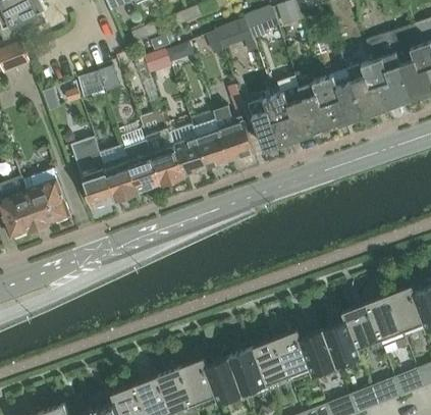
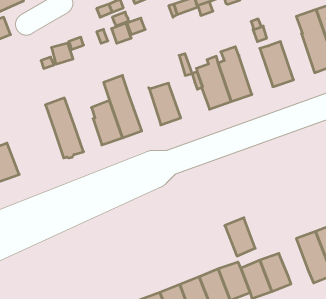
building: [346,61,386,115] -> none
building: [298,79,337,133] -> none
building: [213,106,253,160] -> none
building: [168,124,206,175] -> none
building: [104,161,137,200] -> none
building: [22,169,68,226] -> none
building: [342,302,378,347] -> [225,218,255,256]

